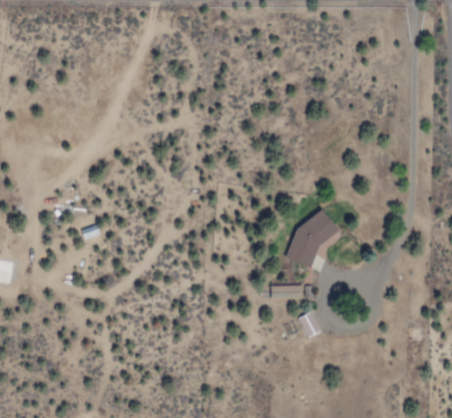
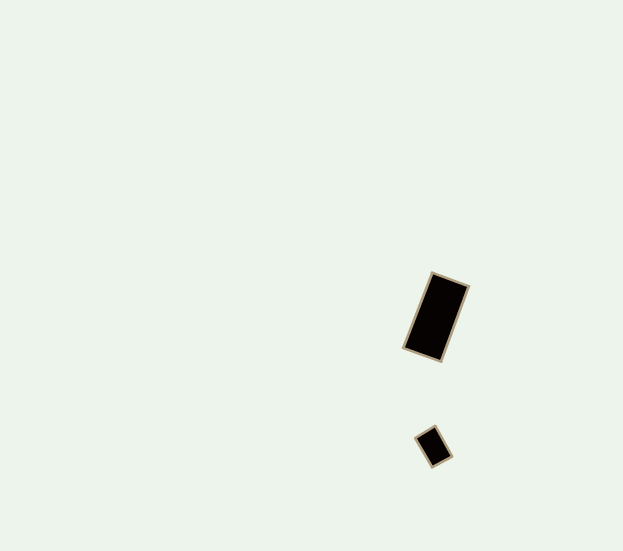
building: [273,284,304,298] -> none

